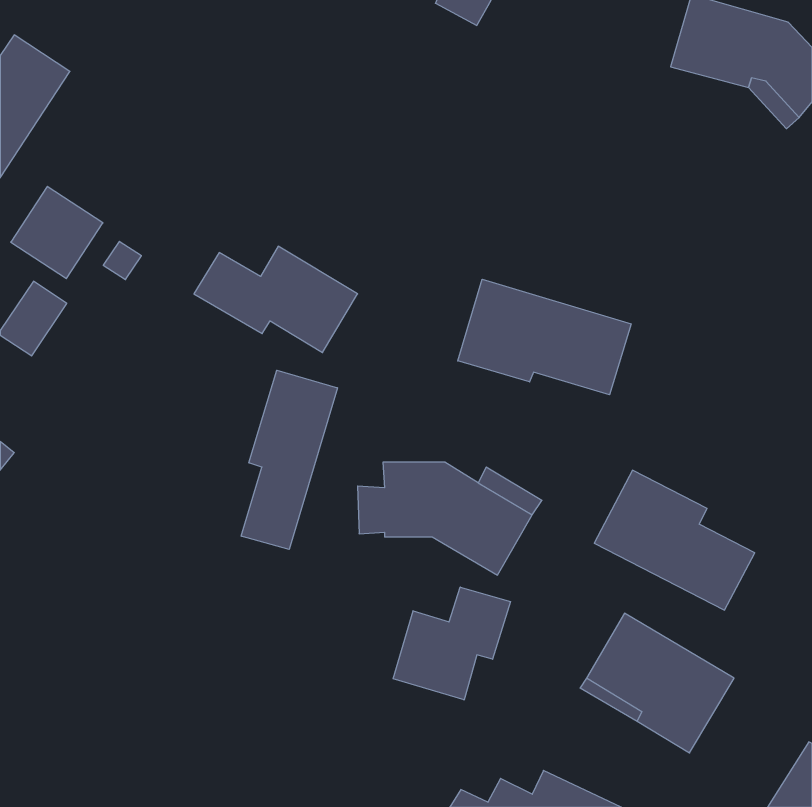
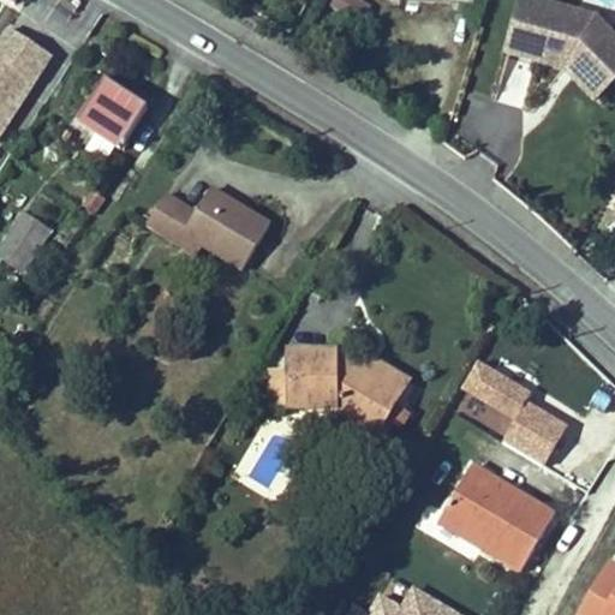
building: [11,186,103,279] -> [78,78,148,148]
building: [458,279,631,395] -> none
building: [241,370,337,549] -> none
building: [393,587,511,700] -> none

